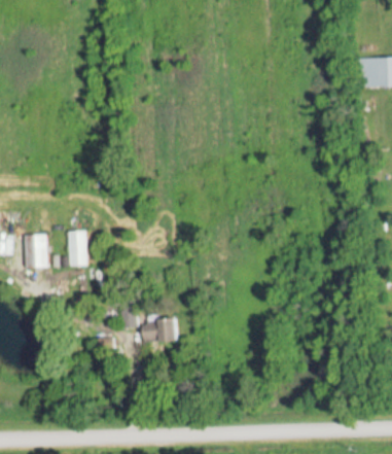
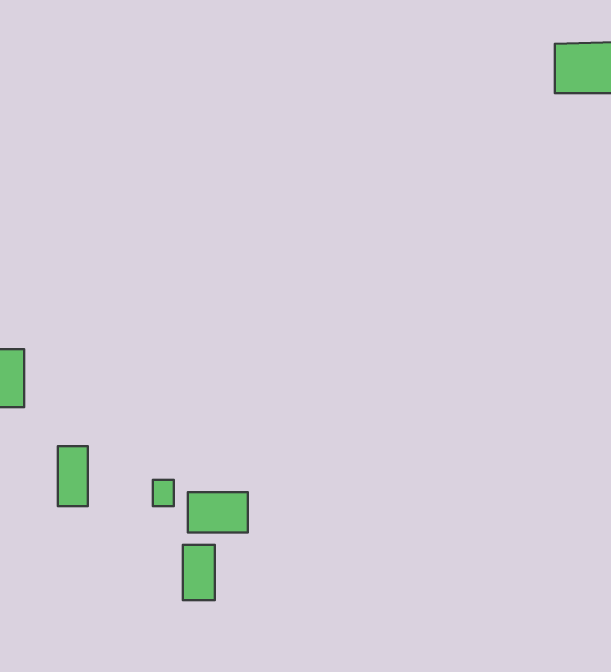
building: [69,231,86,266] -> [58,446,88,506]
building: none -> [183,545,215,600]

